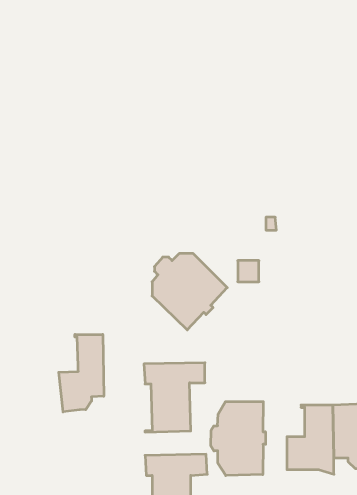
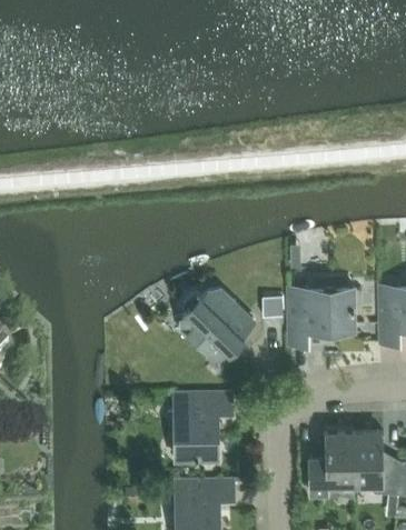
building: none -> [288,286,354,344]
building: [59,334,104,412] -> none
building: [211,402,266,476] -> none

